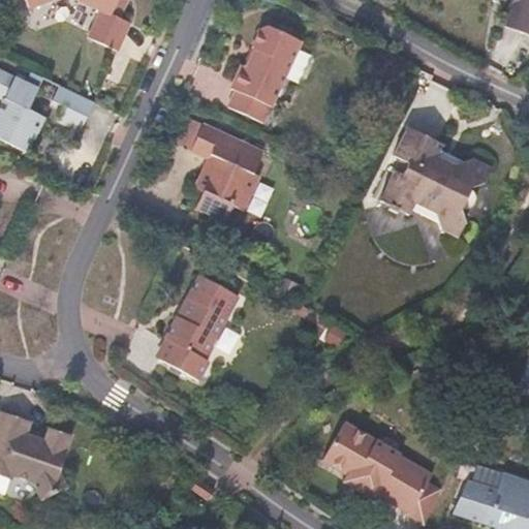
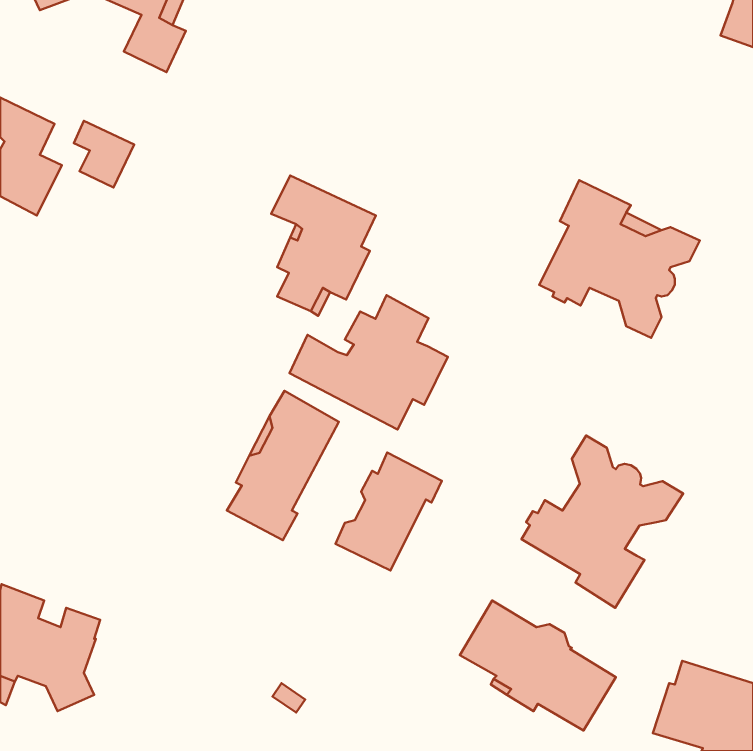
building: [226,25,302,123] -> none
building: none -> [289,295,448,429]
building: none -> [522,436,683,608]
building: none -> [335,453,442,570]

